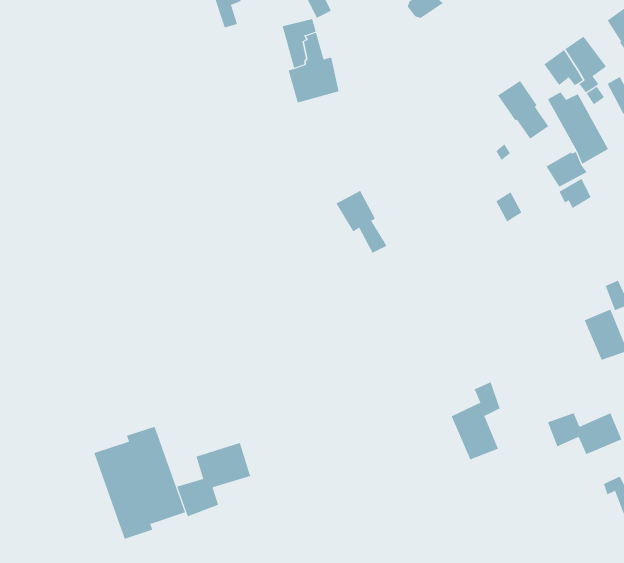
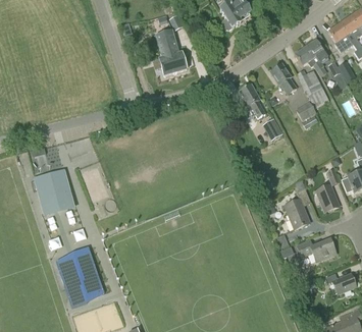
building: [336,190,388,253] -> [238,84,265,117]
building: none -> [34,168,77,213]
building: [451,381,501,460] -> [283,186,310,228]
building: [176,442,251,517] -> none

